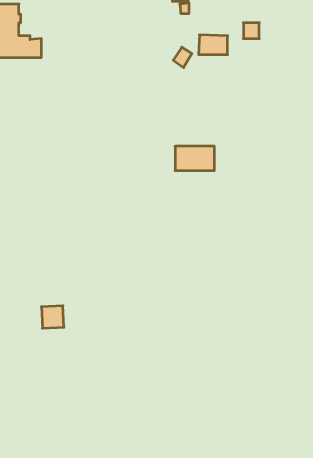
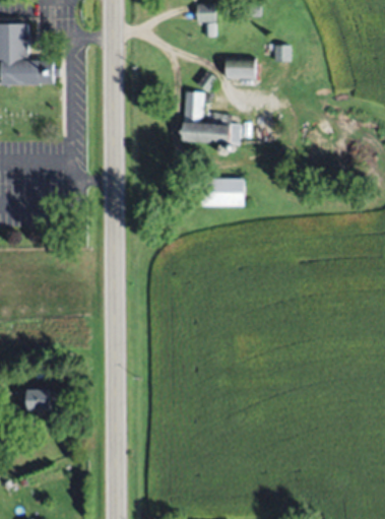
building: none -> [182,92,233,145]
building: [41,306,64,328] -> [27,389,52,413]

